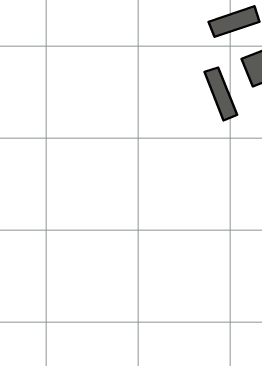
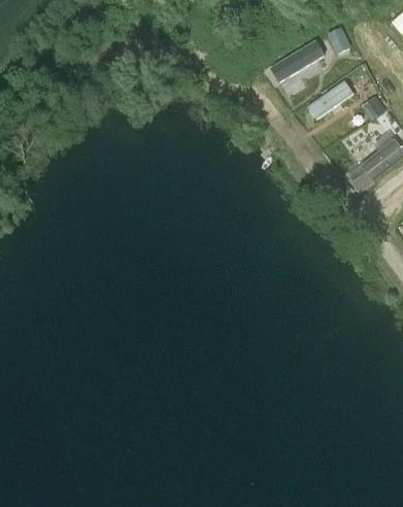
building: [204,67,237,120] -> none

